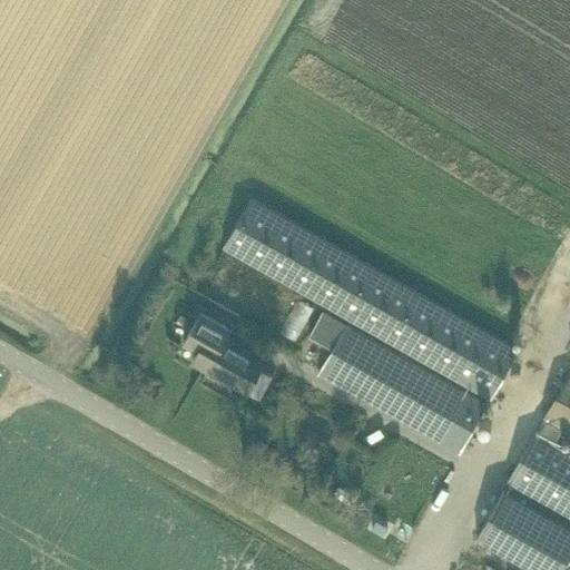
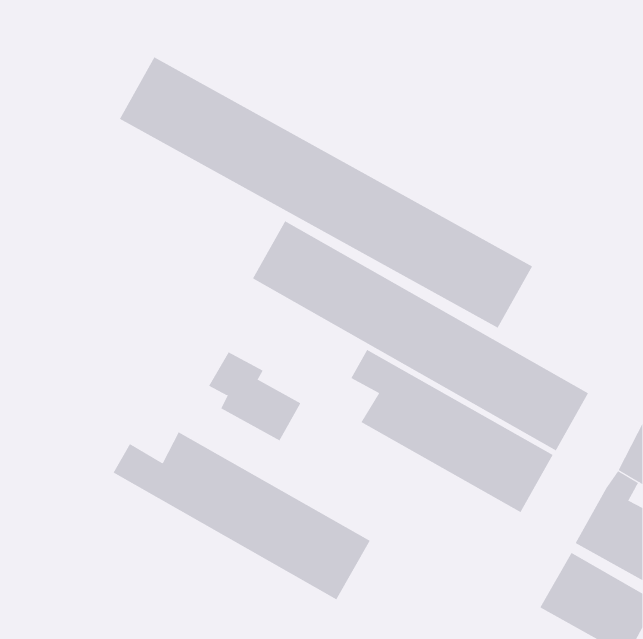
building: none -> [119,57,533,329]
building: none -> [113,431,370,600]

